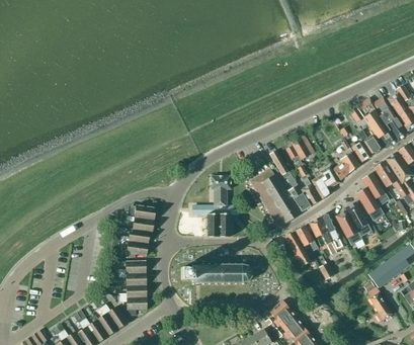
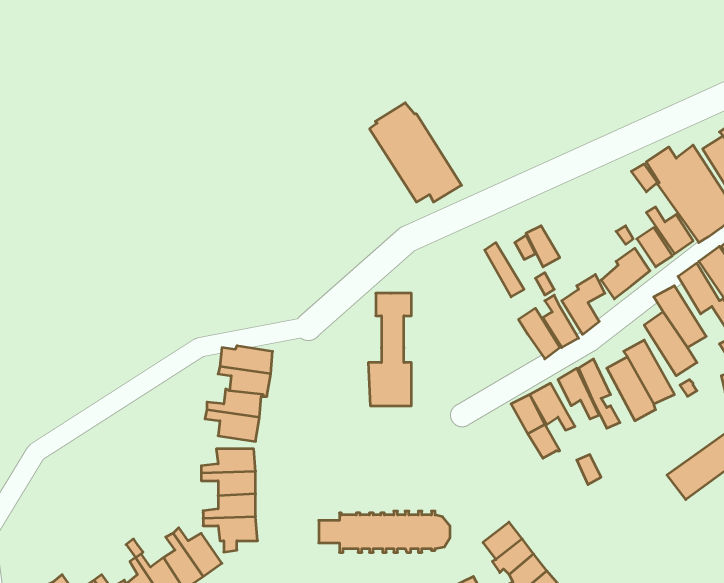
building: [250,169,300,223] -> [370,103,462,202]
building: [180,263,251,285] -> [319,511,450,552]
building: [366,287,392,322] -> none

